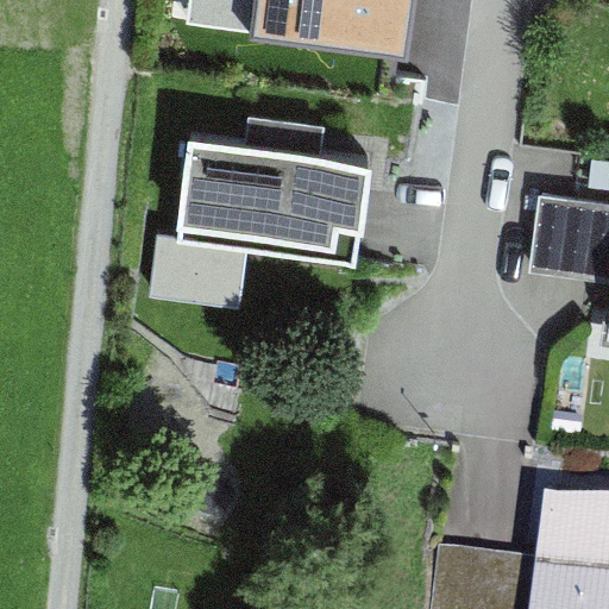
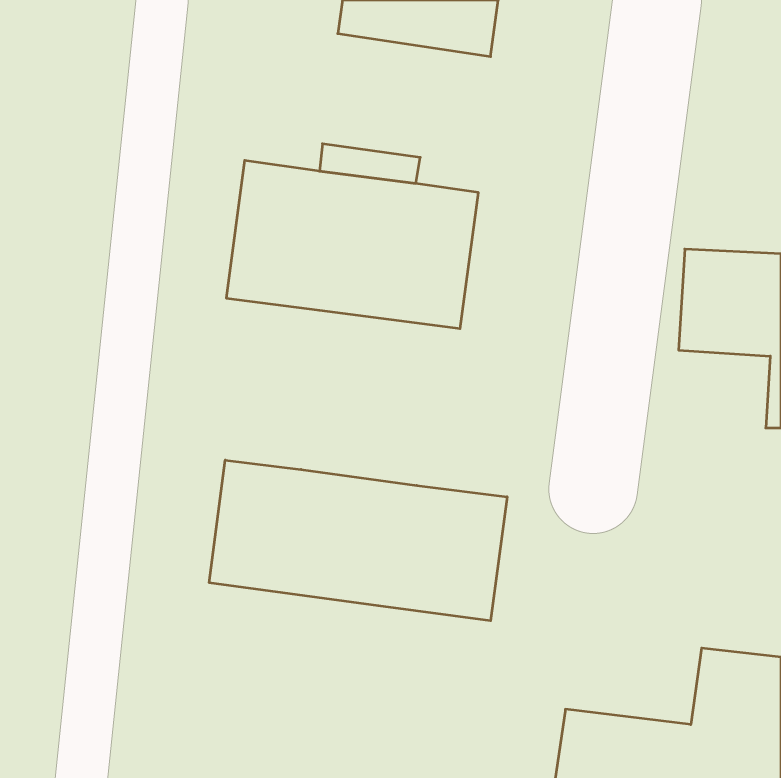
building: [151,232,249,303] -> none
building: none -> [209,460,507,621]

